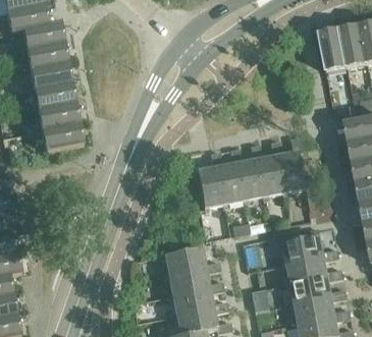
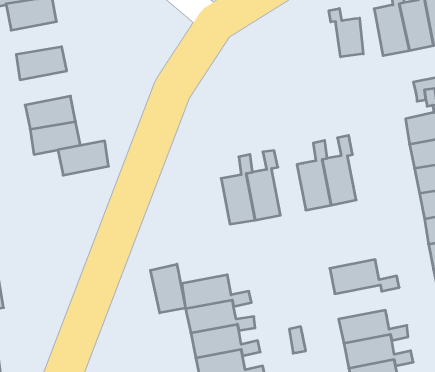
building: none -> [329,8,363,57]
building: [26,43,67,69] -> none
building: [34,82,74,110] -> [58,141,109,175]
building: [236,143,264,199] -> none
building: none -> [150,264,186,313]
building: [287,255,343,282] -> none

